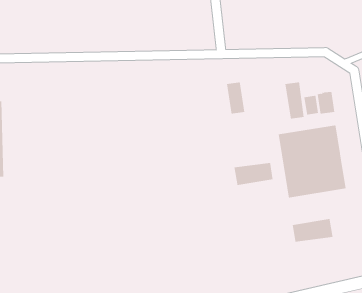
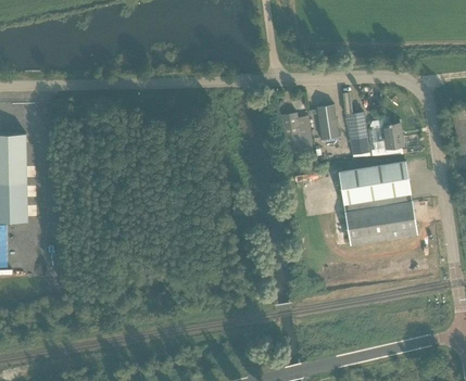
building: none -> [316,105,338,140]
building: [234,162,273,186] -> none
building: [292,218,333,243] -> none

